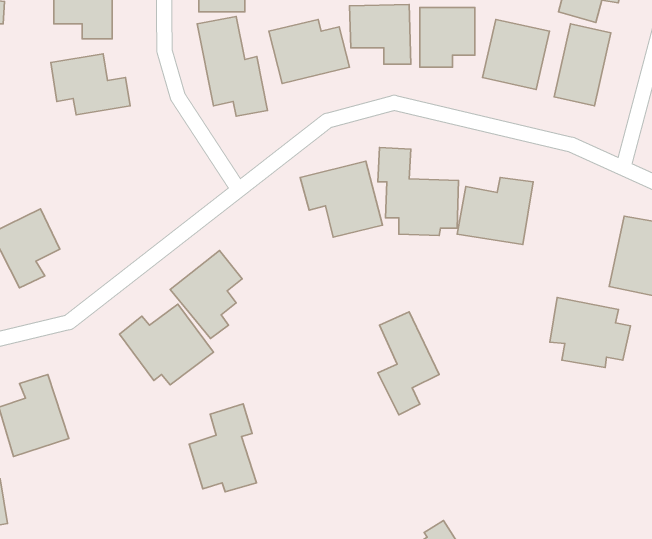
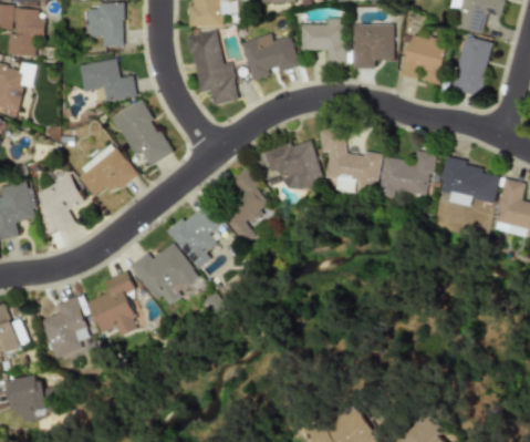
building: none -> [112,99,173,164]
building: none -> [80,142,138,196]
building: [550,297,630,368] -> [439,156,499,208]
building: [378,312,439,415] -> [225,168,270,245]
building: [189,404,257,492] -> [89,270,138,336]

